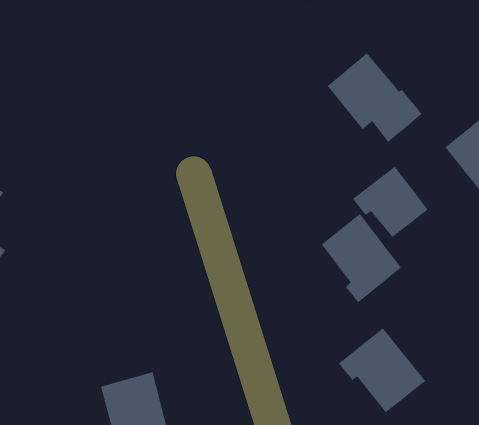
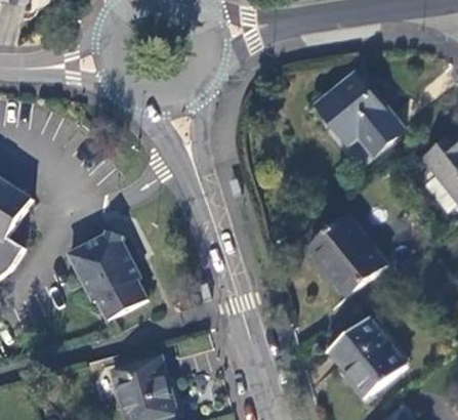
building: [352,166,428,238] -> none
building: none -> [67,229,145,319]

